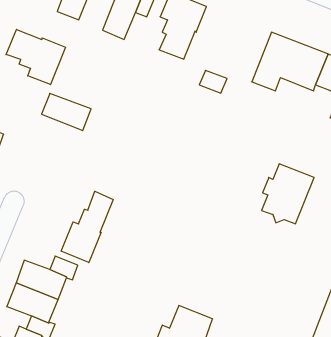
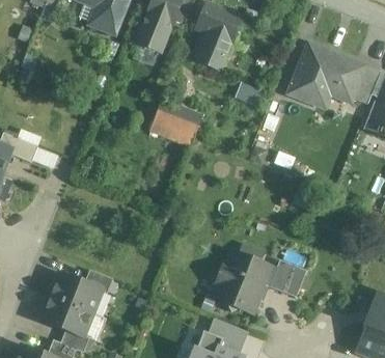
building: [6,29,65,85] -> none
building: [42,93,91,131] -> [154,101,203,138]
building: [262,164,314,224] -> [217,253,270,313]
building: [61,191,113,263] -> none
building: none -> [270,260,307,298]

